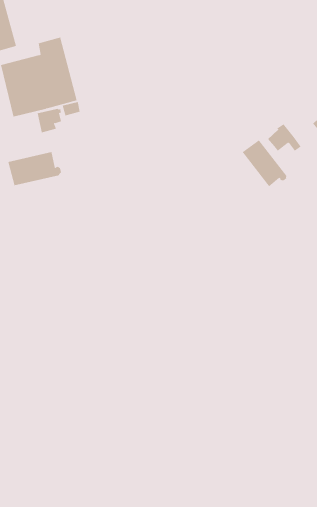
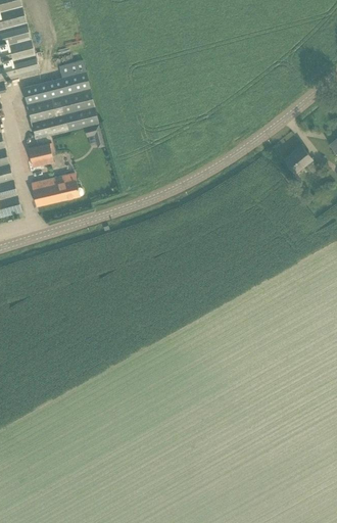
building: [37,108,62,133] -> [28,143,52,168]
building: [242,140,287,187] -> none

